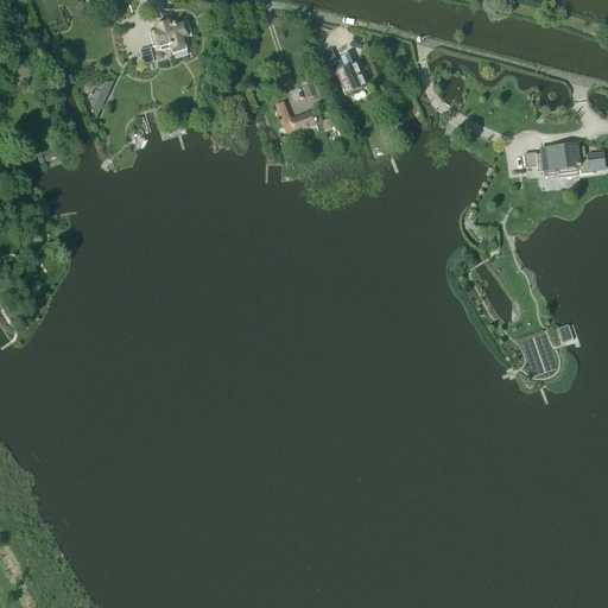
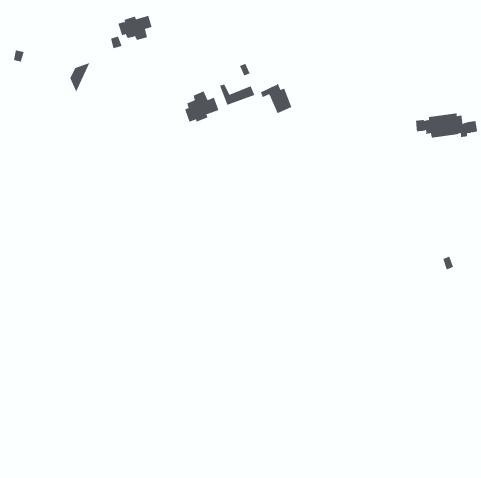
building: [325,52,366,93] -> [260,82,292,114]
building: none -> [184,91,219,123]

